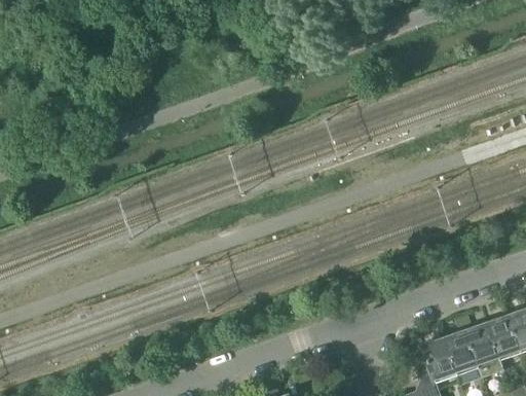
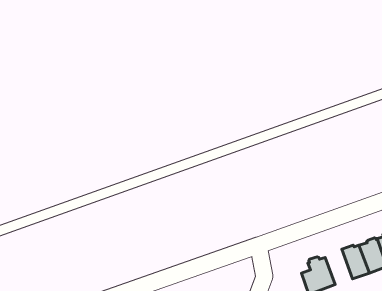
building: [443,331,477,375] -> none

